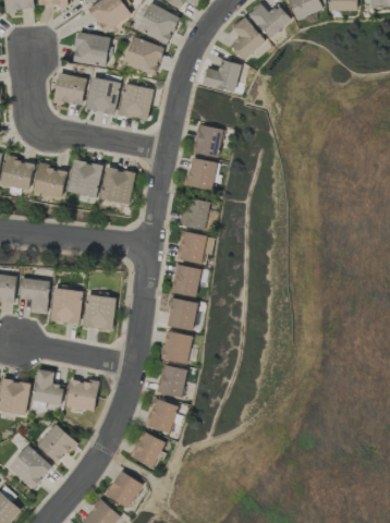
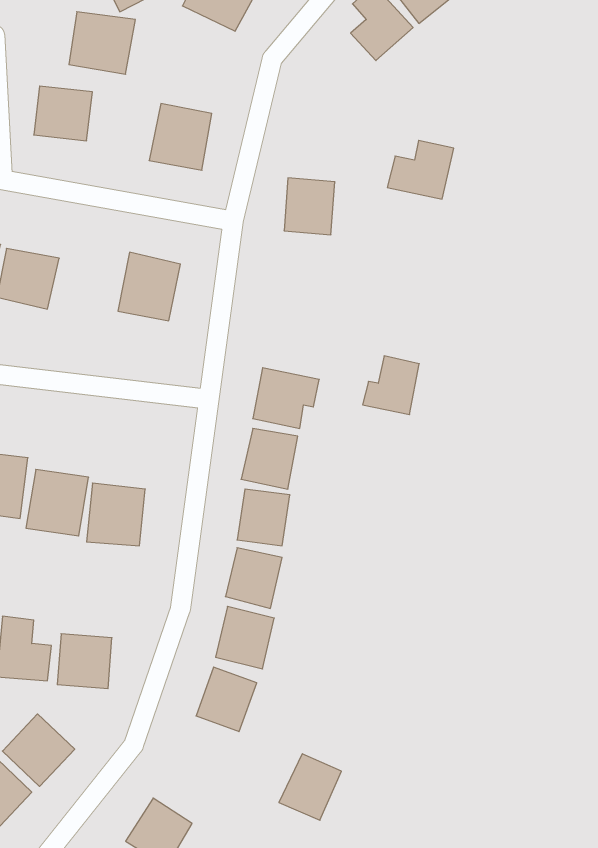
building: [122,37,163,75] -> none
building: [203,60,240,93] -> [387,140,454,199]
building: [85,76,120,114] -> none
building: [186,158,215,190] -> none
building: [66,159,103,198] -> none
building: [178,198,209,231] -> [363,356,419,415]
building: [130,431,164,469] -> [279,754,341,820]

